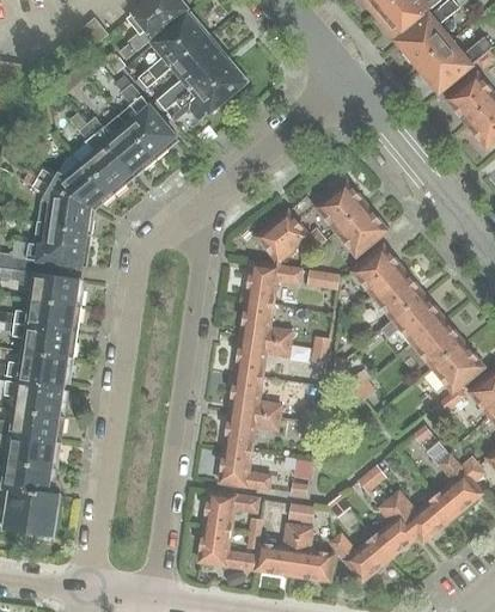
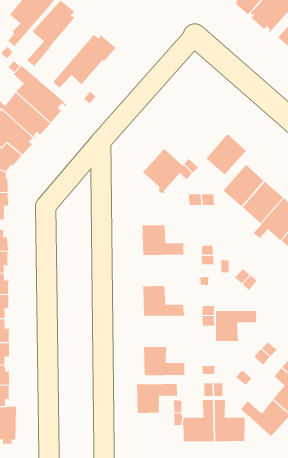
building: [158,32,230,109] -> none
building: [316,180,367,231] -> none
building: [246,262,302,304] -> none
building: [236,336,292,377] -> none
building: [225,409,281,451] -> [215,311,257,342]
building: [200,526,257,569] -> none

